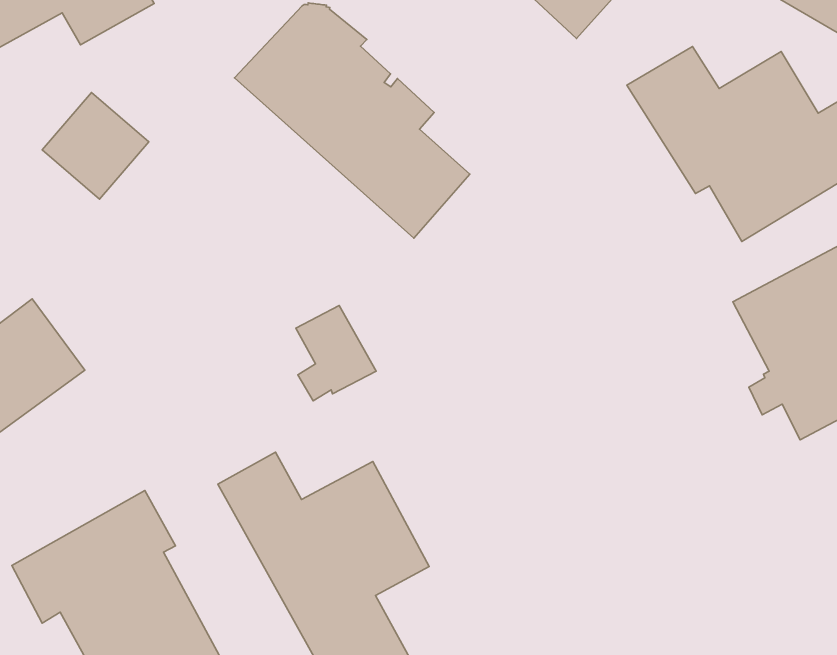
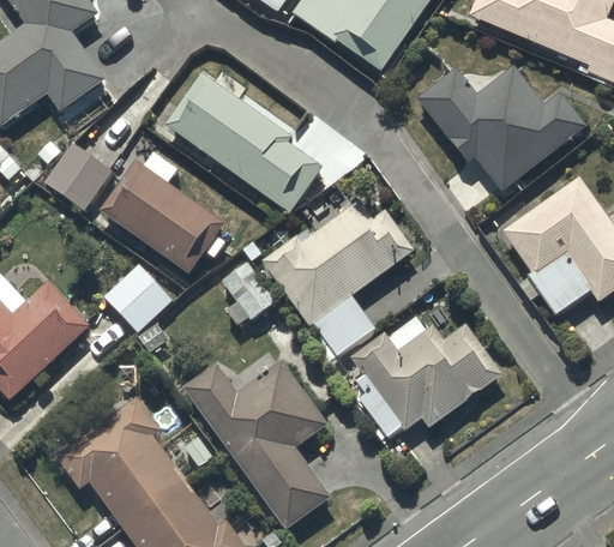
building: none -> [97,152,224,275]
building: none -> [261,202,413,356]
building: none -> [103,264,171,333]
building: none -> [349,318,501,438]

